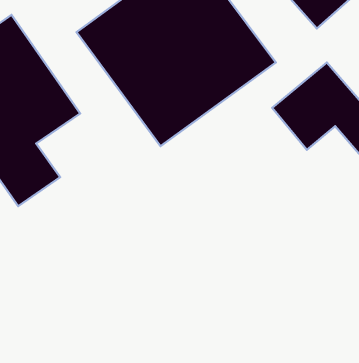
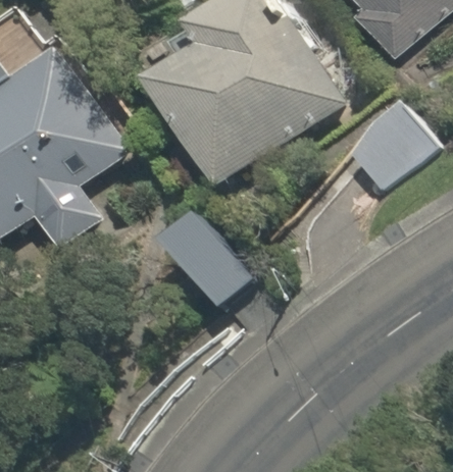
building: none -> [149,205,262,318]

